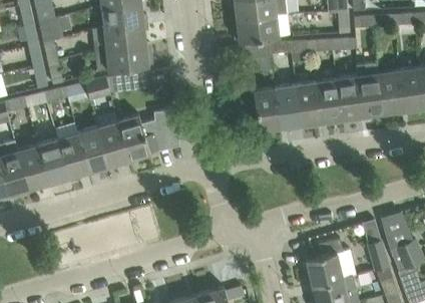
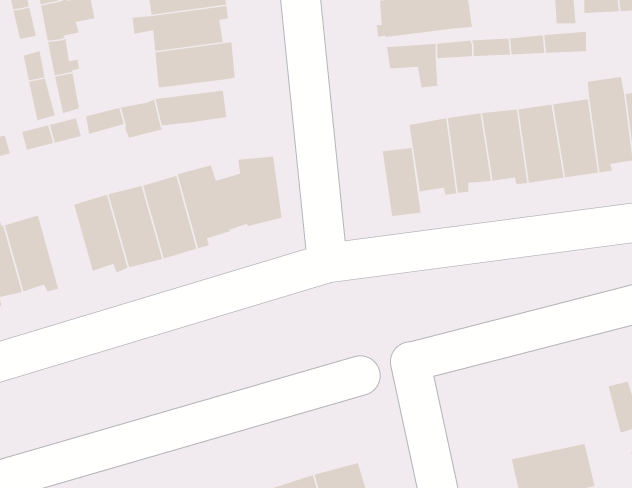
building: none -> [382,147,422,217]
building: [38,137,69,187] -> none
building: [306,238,356,285] -> none

